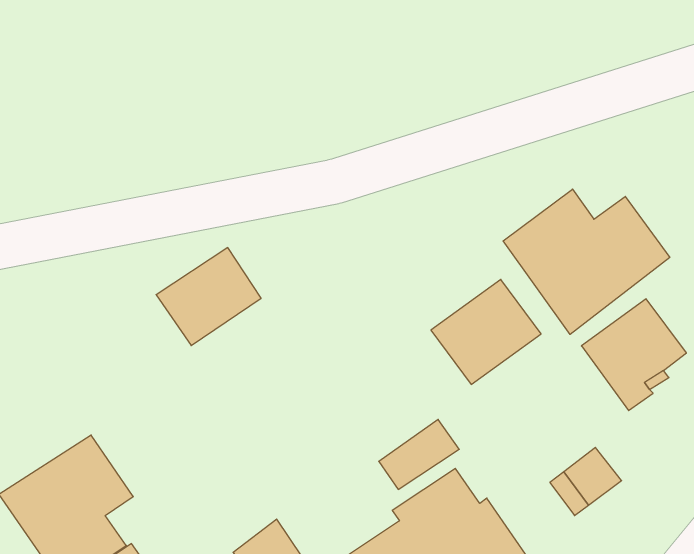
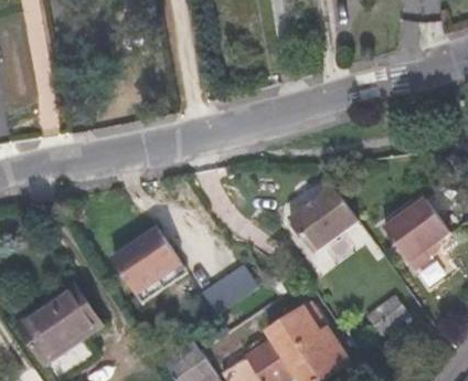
building: [503,189,670,334] -> none
building: [156,248,261,346] -> [114,232,180,294]
building: [379,419,459,489] -> [208,274,258,318]

